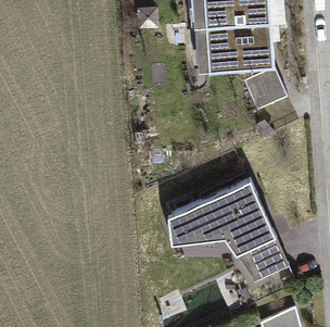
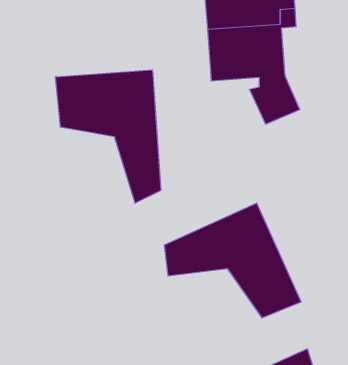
building: none -> [55,70,161,203]

